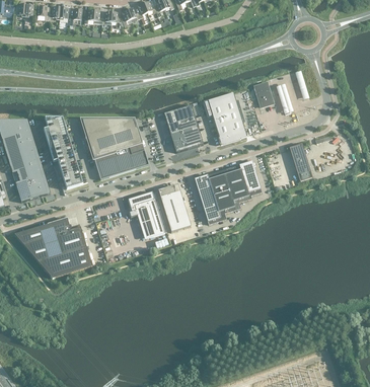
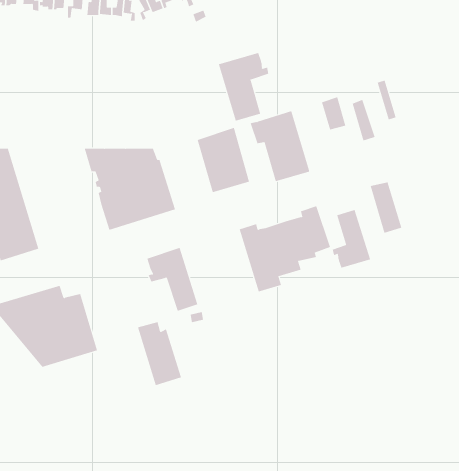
building: none -> [218,52,269,121]
building: [44,118,82,187] -> none
building: none -> [332,209,371,269]
building: [158,184,191,231] -> [137,322,182,386]

